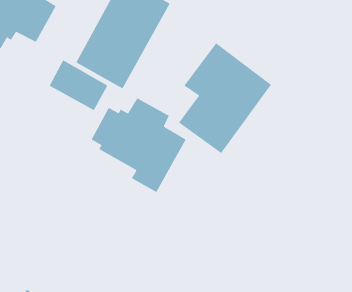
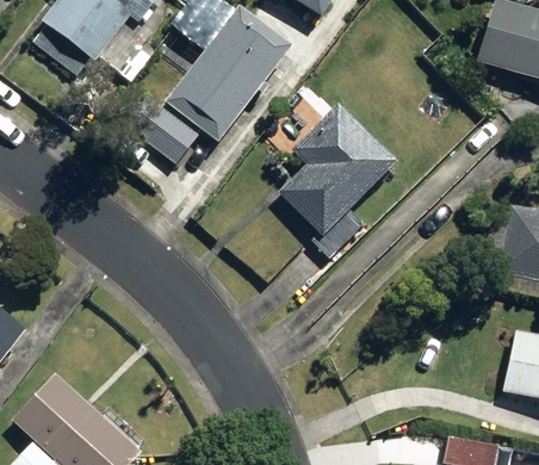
building: [91,97,186,193] -> none

